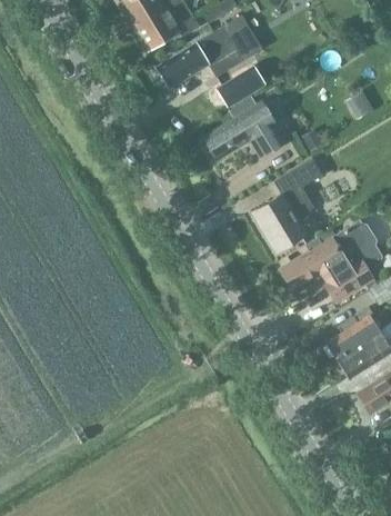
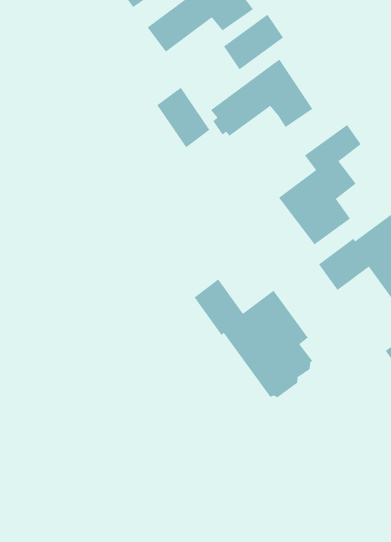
building: none -> [157,87,210,148]
building: none -> [194,279,313,398]

